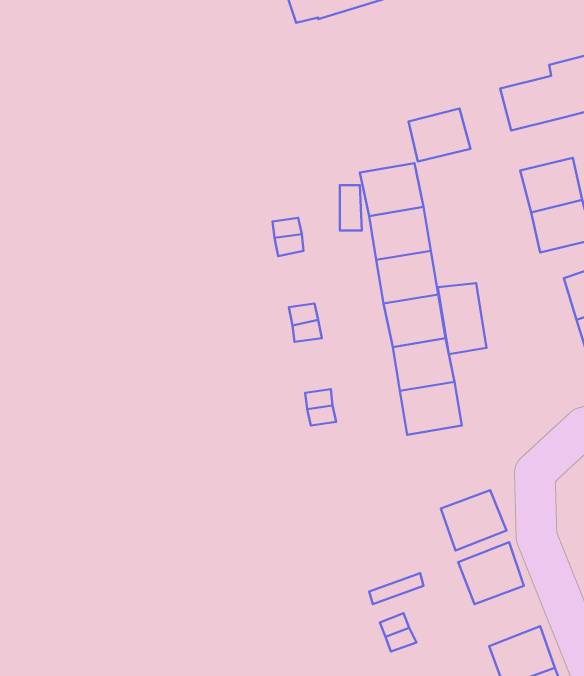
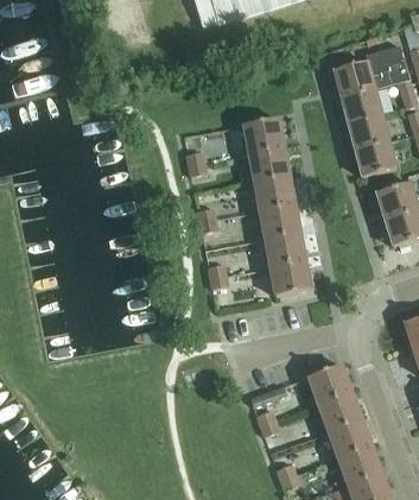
building: [409,109,470,161] -> [342,88,382,122]
building: [438,283,487,354] -> none
building: [441,490,506,550] -> [318,393,361,432]

